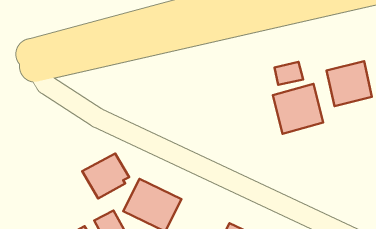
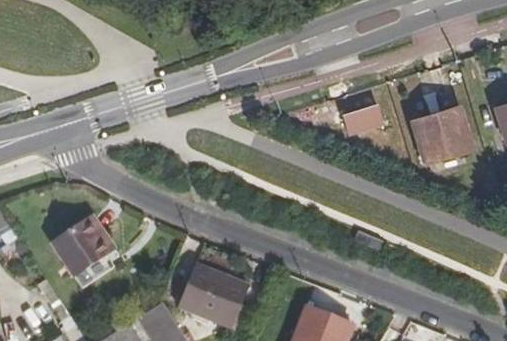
building: [273,84,323,134] -> none
building: [82,153,129,199] -> [54,217,112,274]

